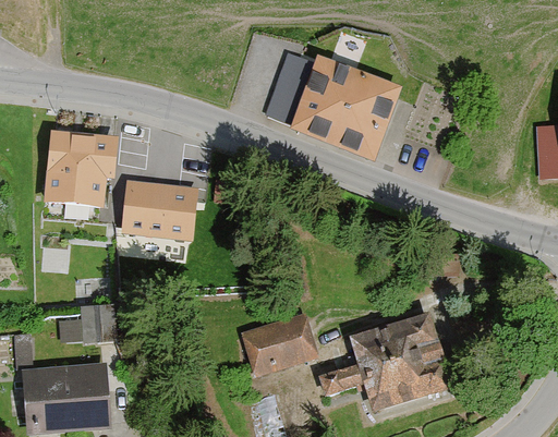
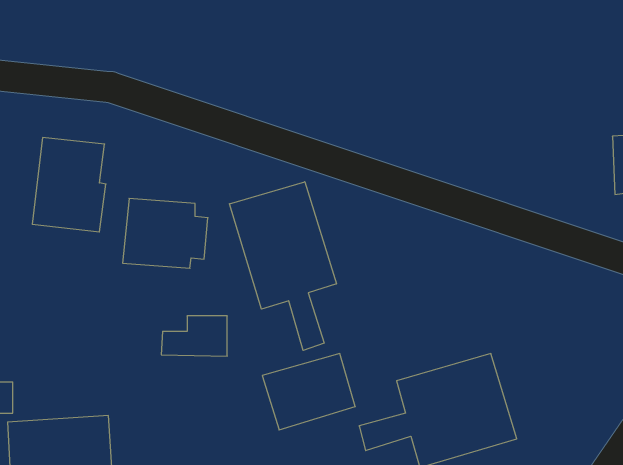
building: [264,50,404,160] -> none
building: none -> [229,182,336,350]
building: [58,307,113,341] -> [161,316,227,356]

